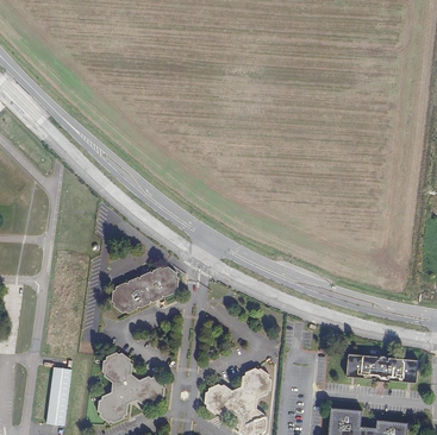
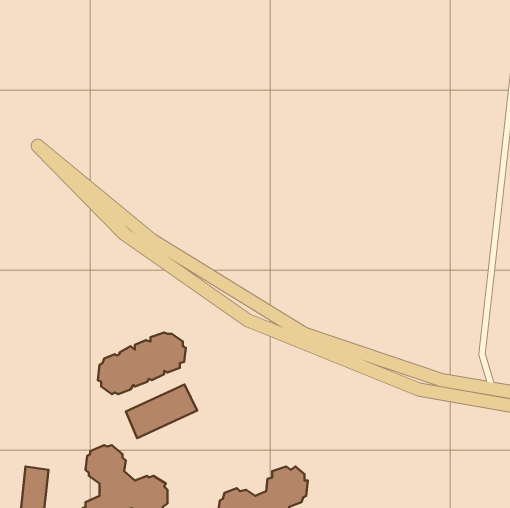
building: none -> [126,384,197,438]
building: [344,355,418,382] -> none

